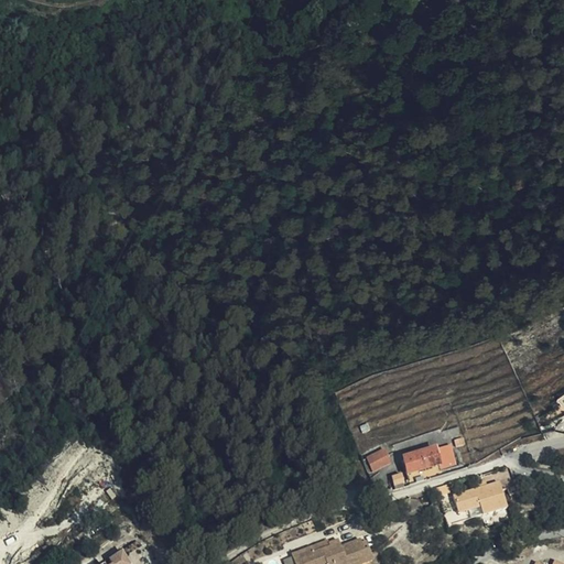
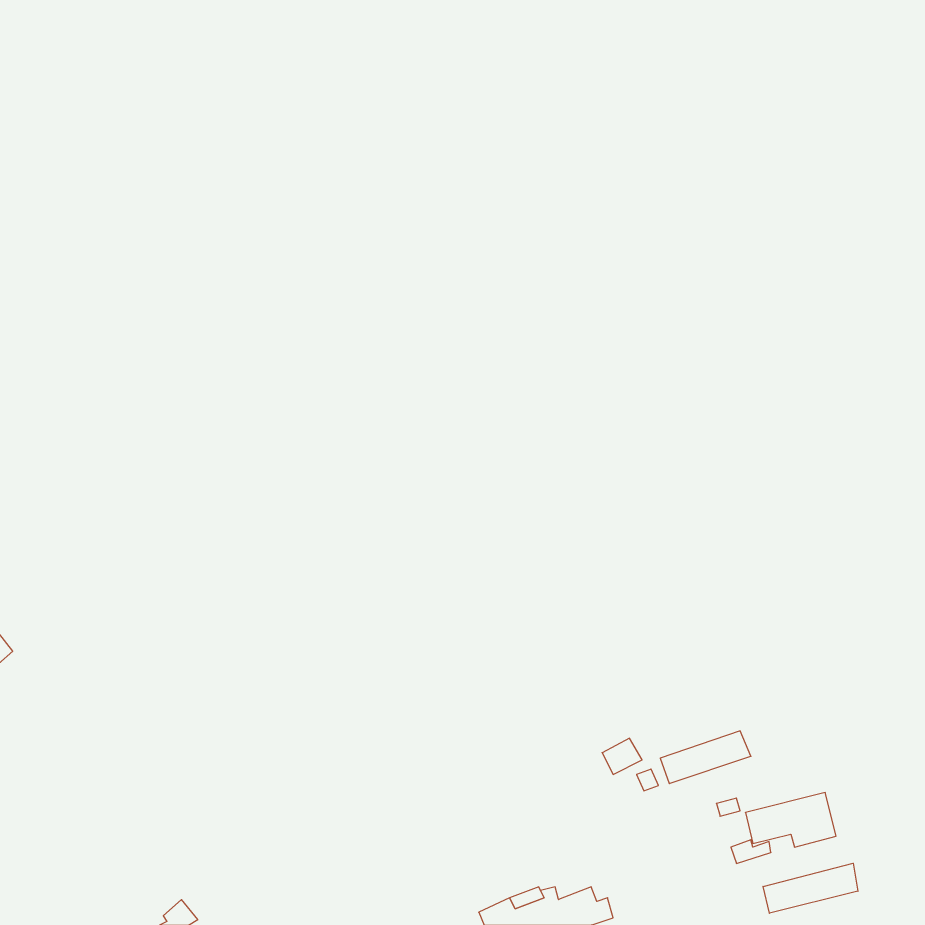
building: none -> [763,863,858,913]

